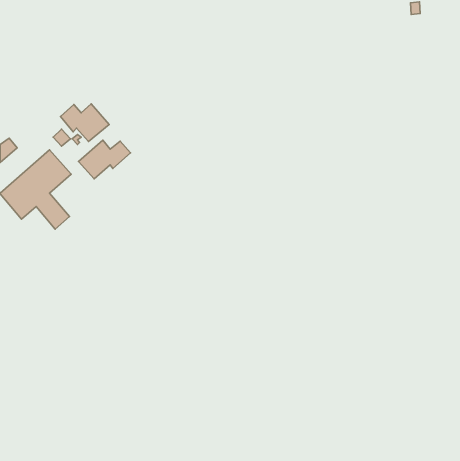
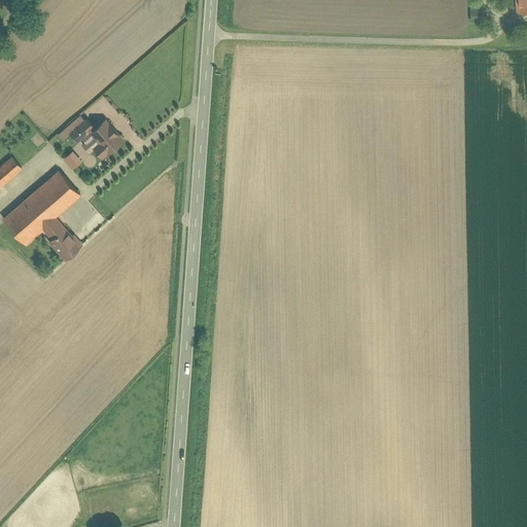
building: [78,140,130,179] -> none

